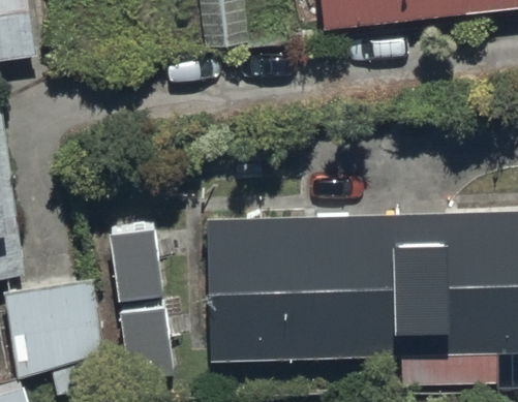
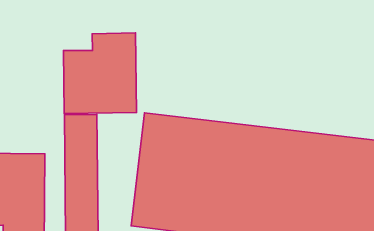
building: none -> [64,33,136,113]

